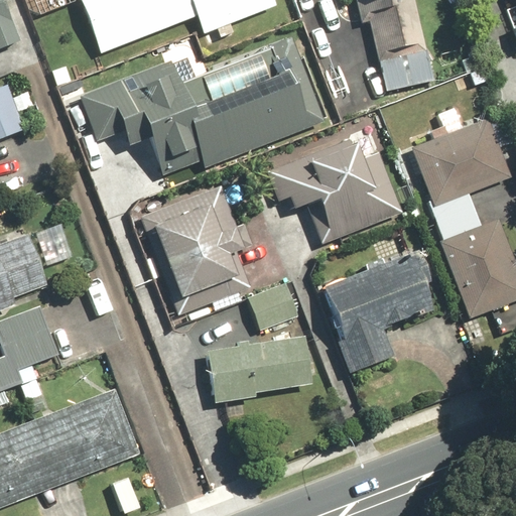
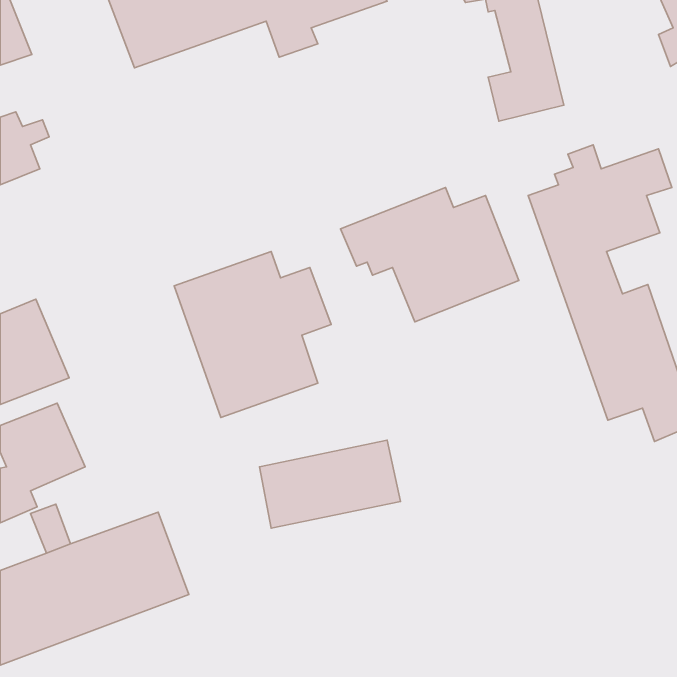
building: [81,36,331,170] -> none
building: [316,249,424,371] -> none
building: [240,283,292,330] -> none

